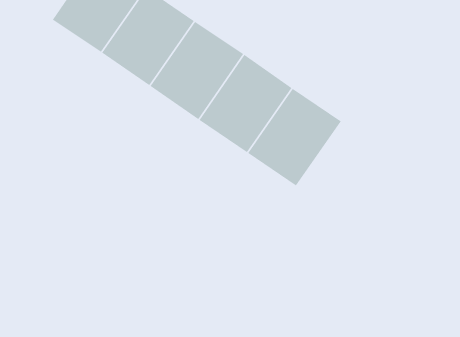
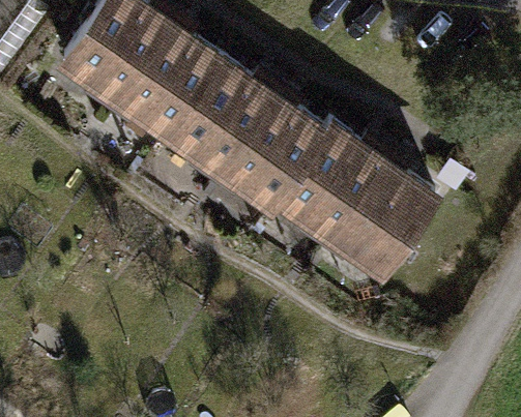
building: none -> [331,172,434,280]

